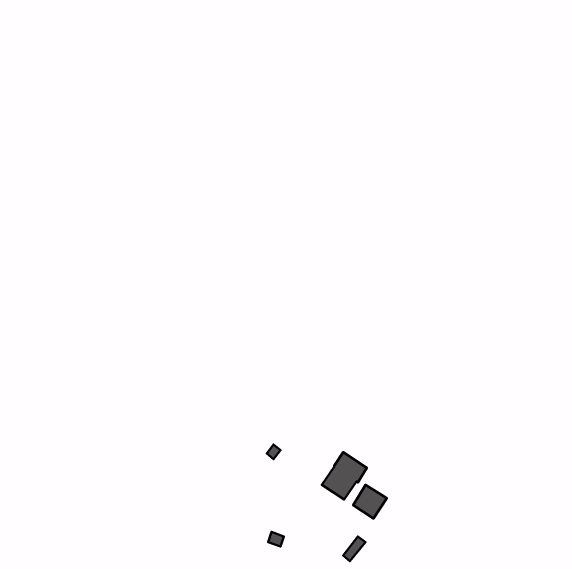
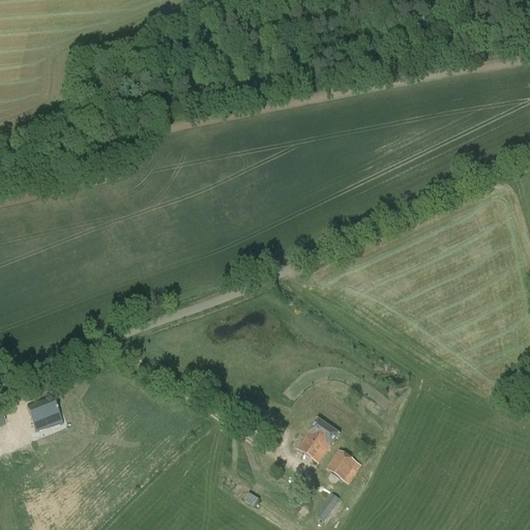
building: none -> [30,402,61,434]

